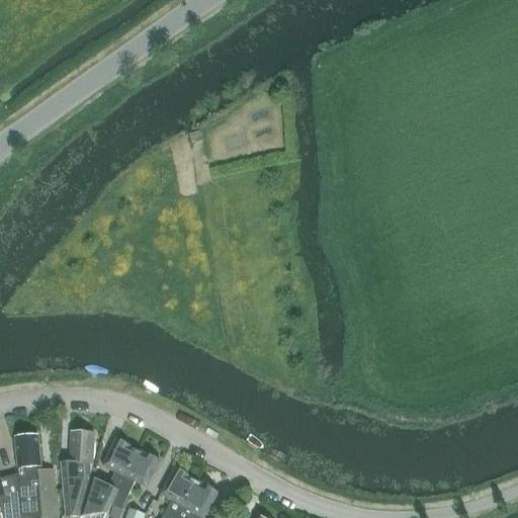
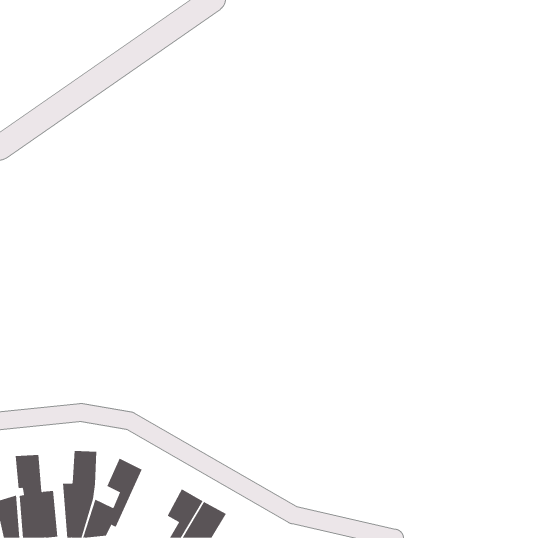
building: [111,450,159,510] -> none

